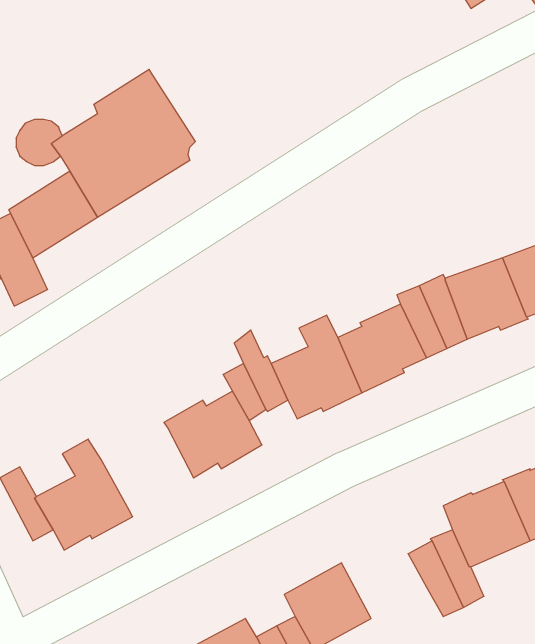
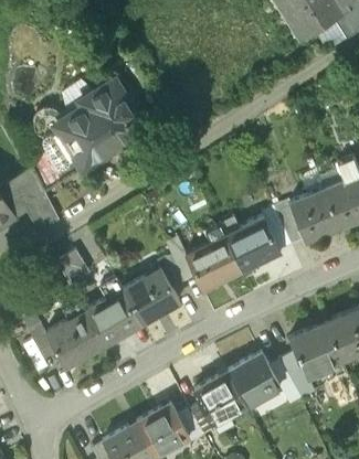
building: none -> [57,249,89,285]
building: none -> [85,279,141,343]
building: none -> [229,355,279,406]

